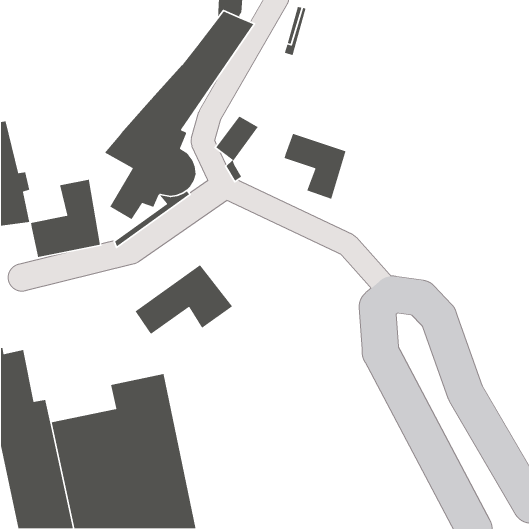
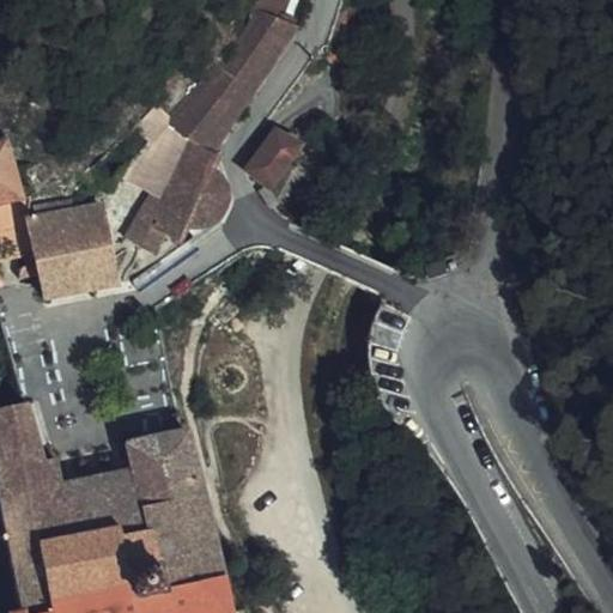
building: [284,133,347,200] -> none
building: none -> [30,213,79,256]
building: [135,264,233,335] -> none

